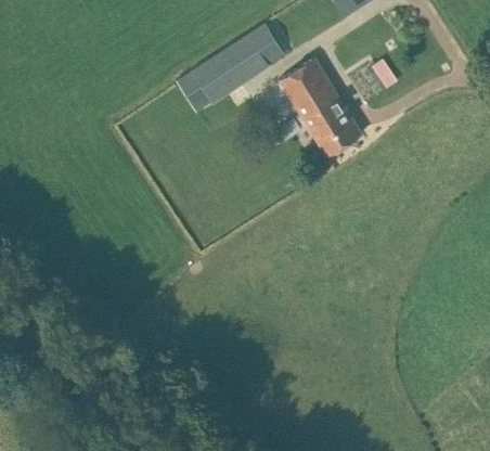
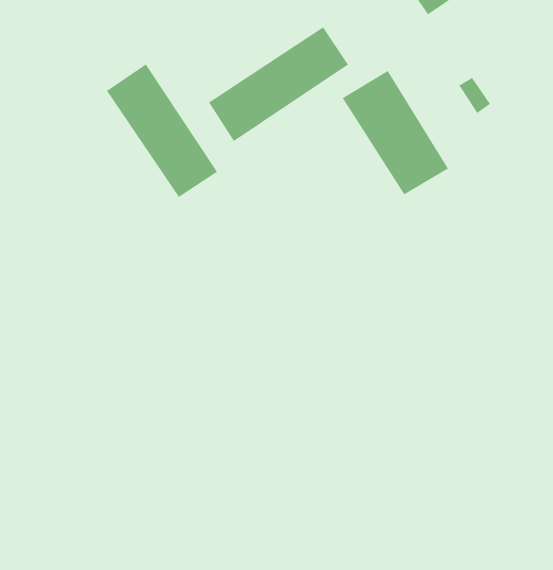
building: none -> [106,63,218,198]

